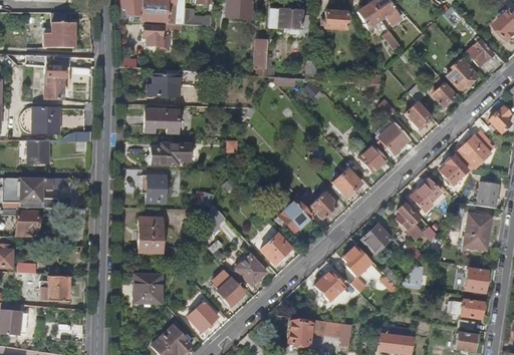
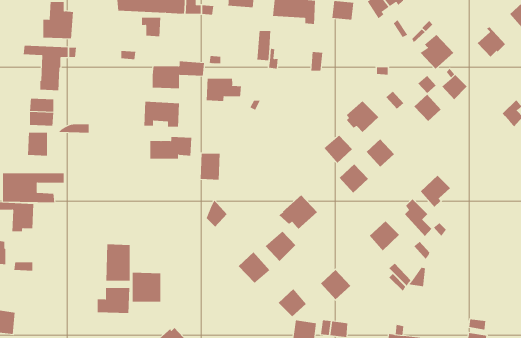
building: [445,57,478,91] -> [420,34,454,70]
building: none -> [206,78,241,102]
building: [377,122,410,153] -> [346,101,379,133]
building: [457,132,493,168] -> none
building: [439,155,467,185] -> none
building: [146,176,166,203] -> [200,153,221,180]
building: [477,181,498,208] -> none
building: [309,192,337,220] -> [324,135,353,164]
building: [463,214,491,250] -> none
building: [138,217,162,253] -> [106,244,130,281]
building: [342,246,371,292] -> none
building: [464,268,488,293] -> none
building: [39,276,71,301] -> [97,287,130,313]
building: [216,278,244,306] -> [278,288,307,317]
building: [450,299,483,319] -> none
building: [187,301,218,332] -> none

